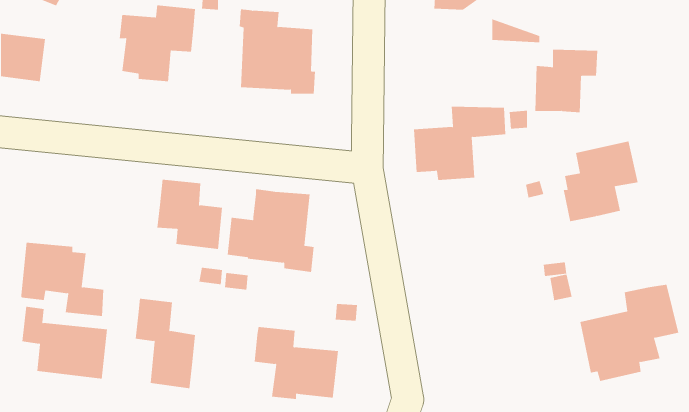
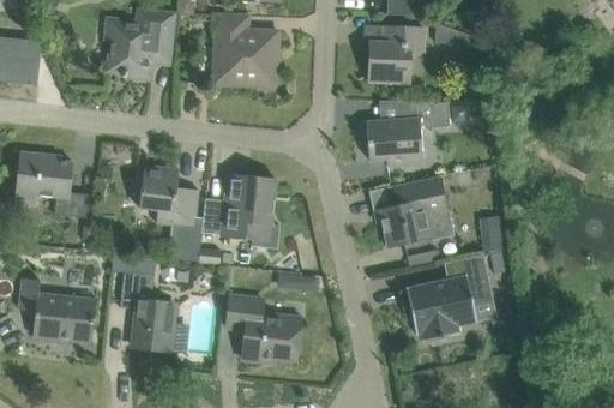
building: [535,49,598,113] -> [368,26,425,83]
building: [563,141,638,222] -> [381,175,449,247]
building: [19,242,104,317] -> [13,151,89,217]
building: [579,284,679,381] -> [405,254,494,341]

